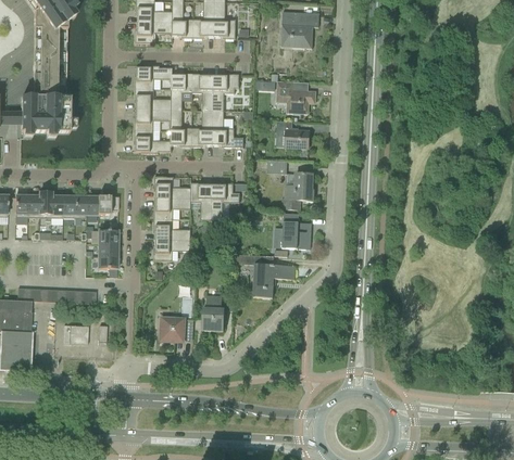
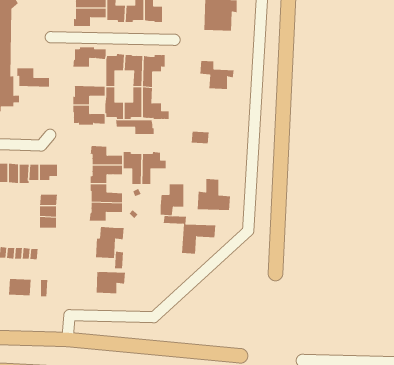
building: [134,88,171,110] -> [17,68,50,87]
building: [276,120,309,148] -> none
building: none -> [115,119,154,135]
building: [285,174,312,209] -> [160,184,184,216]
building: [201,295,234,331] -> [95,226,124,258]

